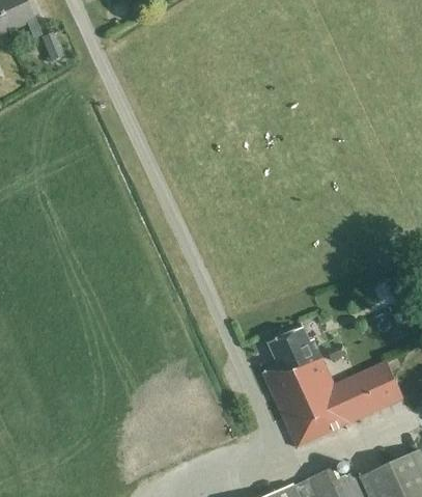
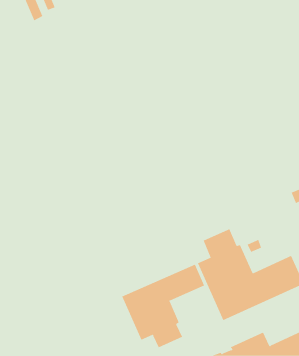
building: none -> [121,264,205,348]

